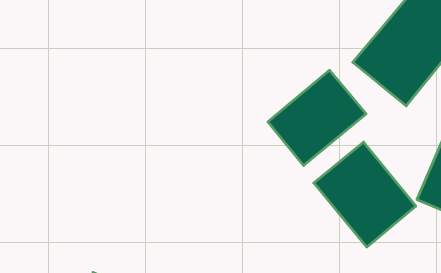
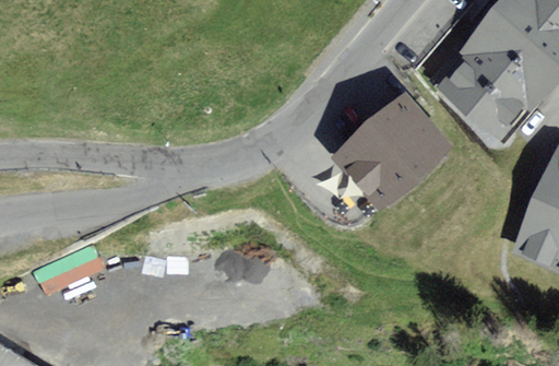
building: [314,142,416,247] -> none

